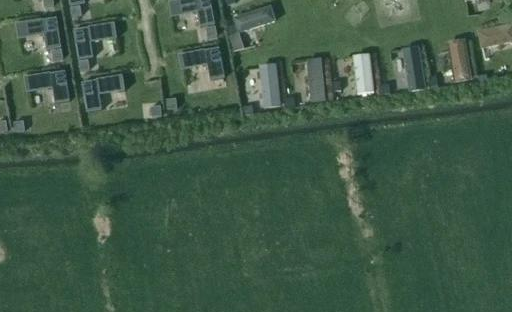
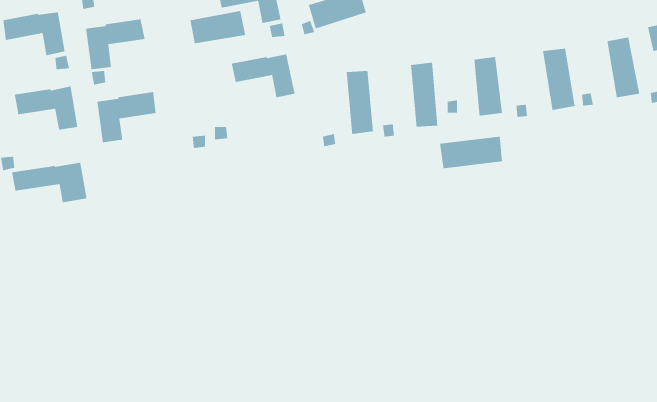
building: none -> [190,10,246,44]
building: none -> [439,136,503,169]
building: none -> [11,162,87,203]

